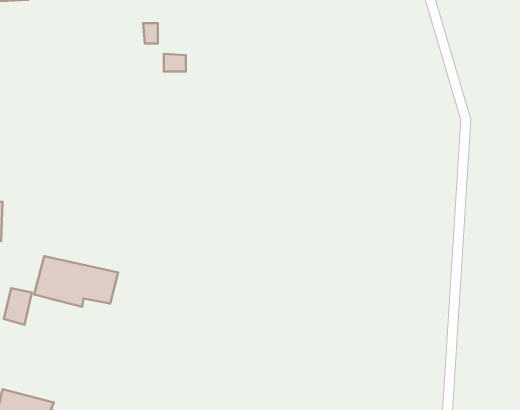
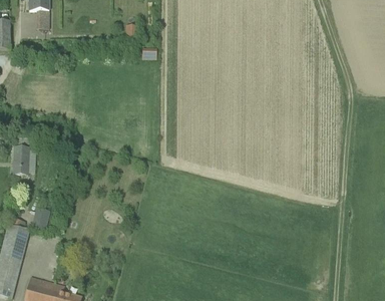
building: [34,256,118,307] -> none

